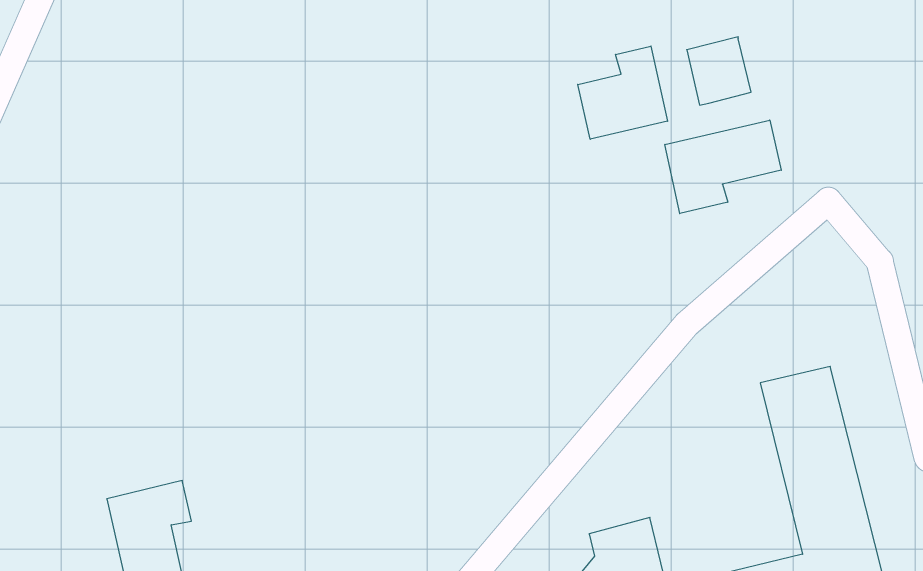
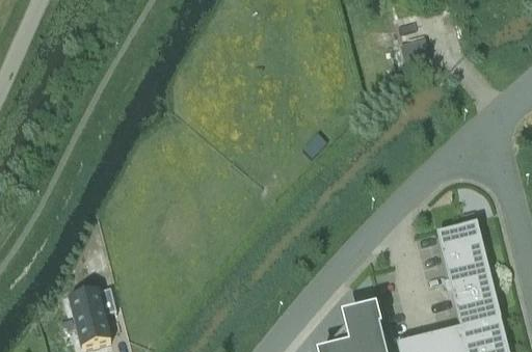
building: [578,46,668,139] -> none
building: [665,120,781,214] -> none

